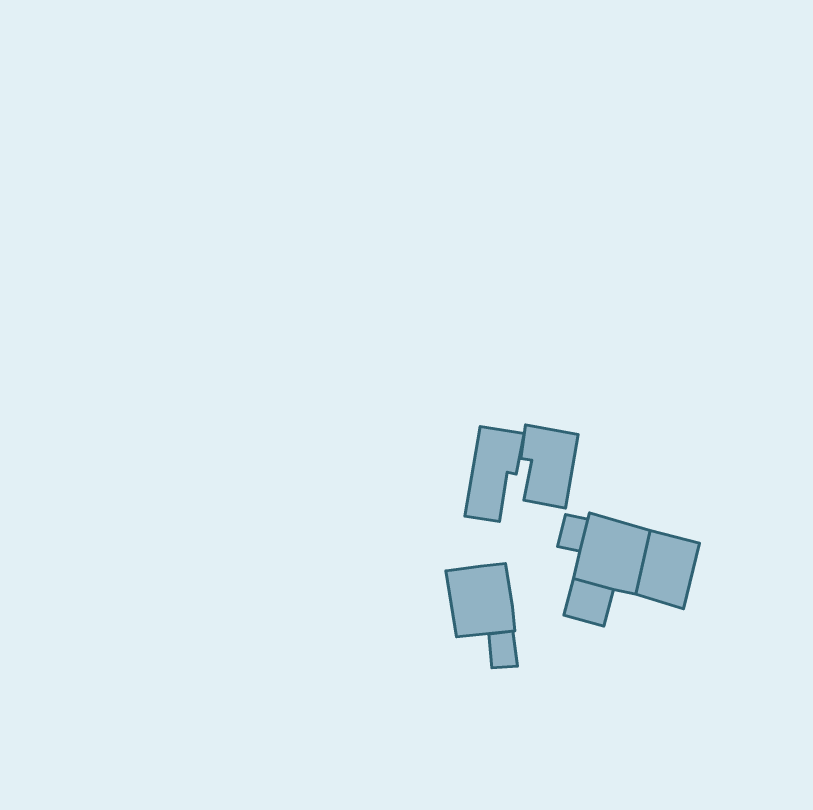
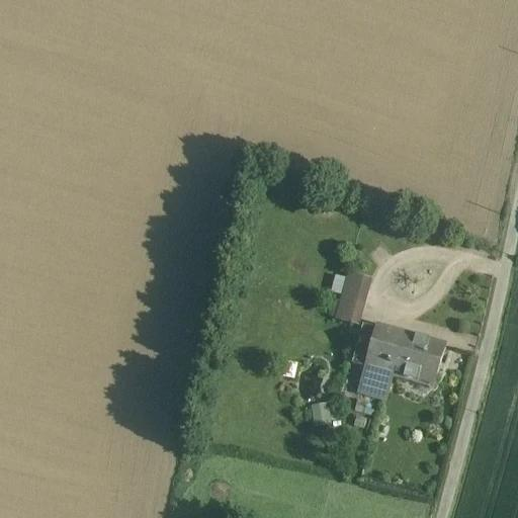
building: [465,427,524,521] -> none
building: [446,563,515,637] -> none

